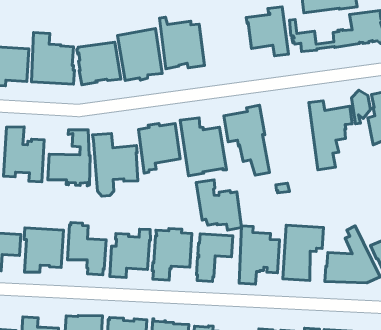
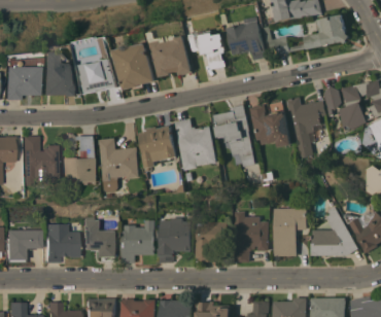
building: none -> [190,30,227,69]
building: [196,180,242,230] -> [248,104,290,147]

